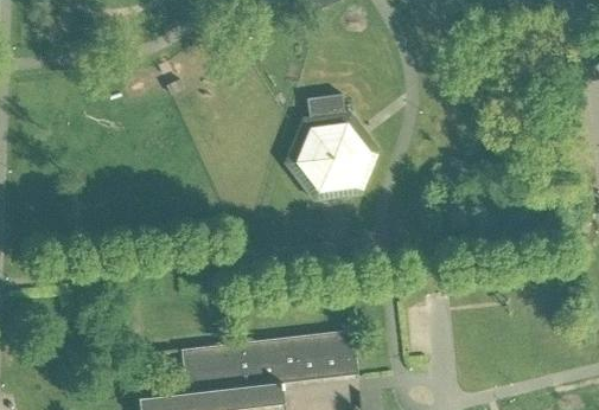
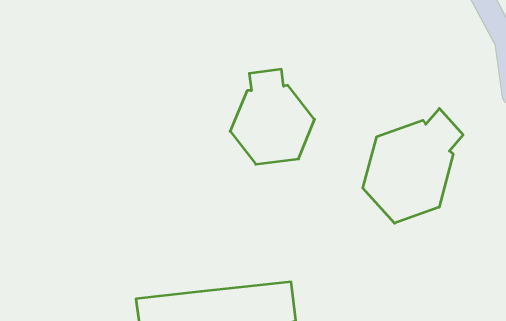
building: none -> [363,108,463,223]

